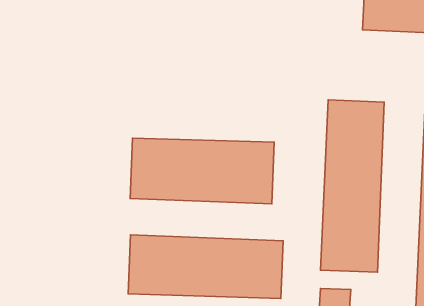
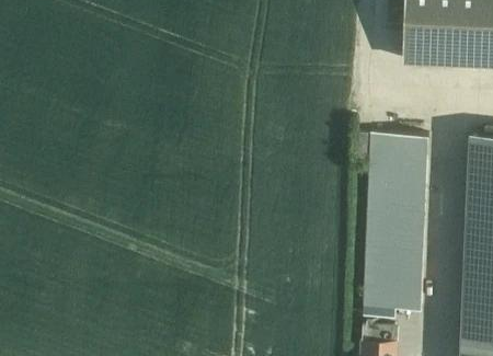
building: [130,138,274,204] -> none
building: [128,235,283,299] -> none

